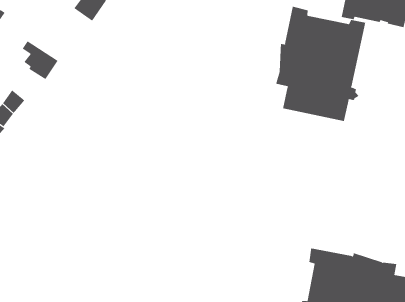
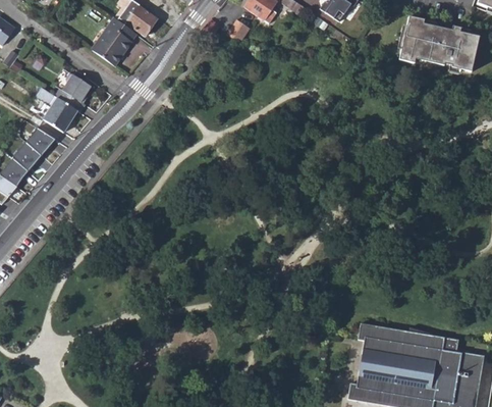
building: [275,6,366,122] -> none
building: none -> [55,74,89,112]
building: none -> [23,129,53,155]

